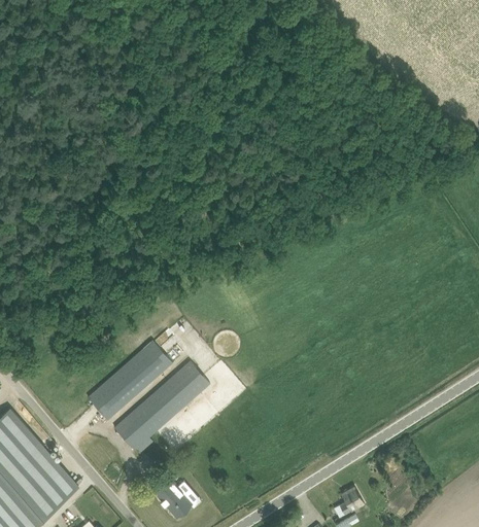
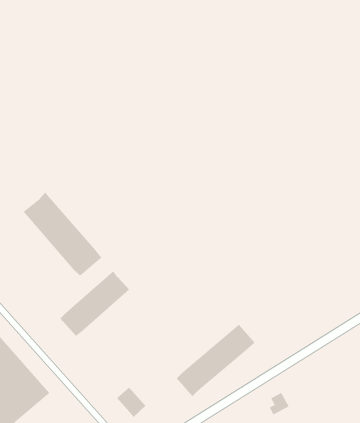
building: none -> [23,192,102,277]
building: [114,361,210,450] -> [176,324,255,397]

